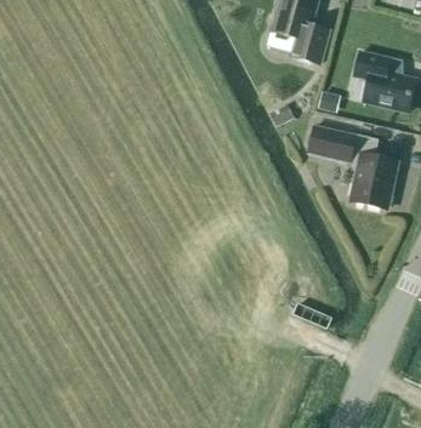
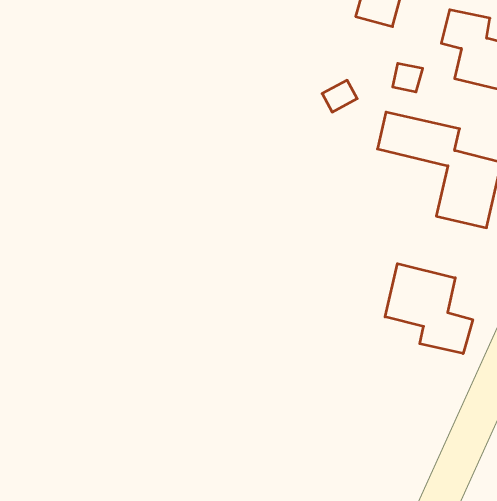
building: none -> [385,264,473,354]

